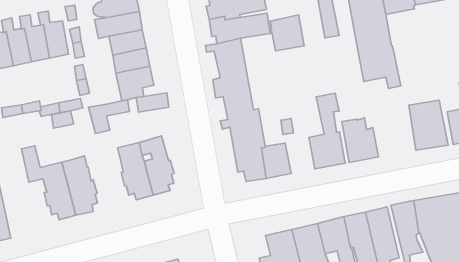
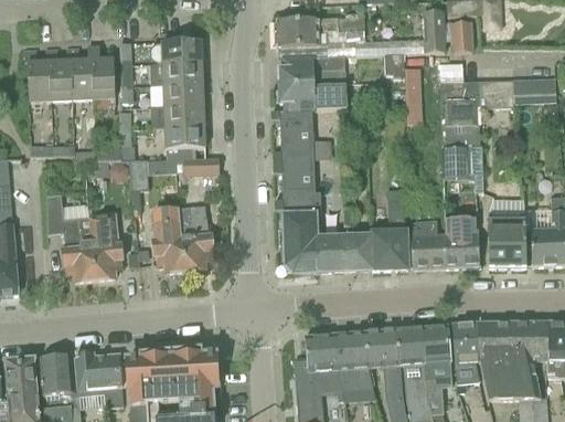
building: [270,15,304,51] -> none
building: none -> [444,219,479,267]
building: none -> [343,234,372,271]

